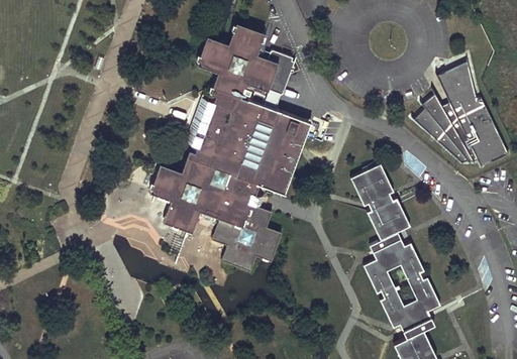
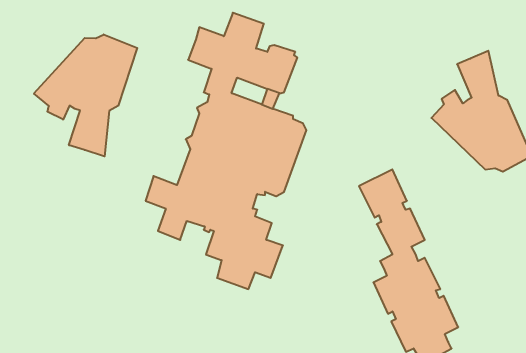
building: none -> [34,34,137,156]

